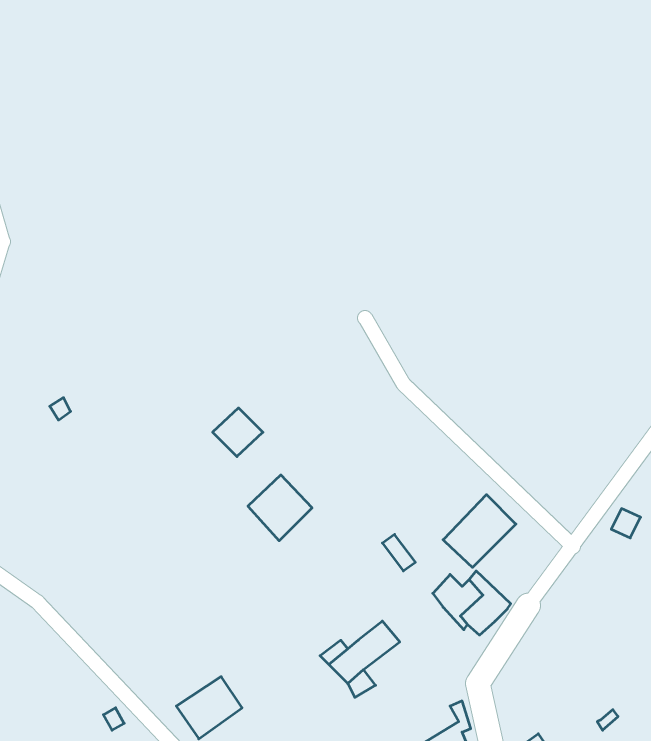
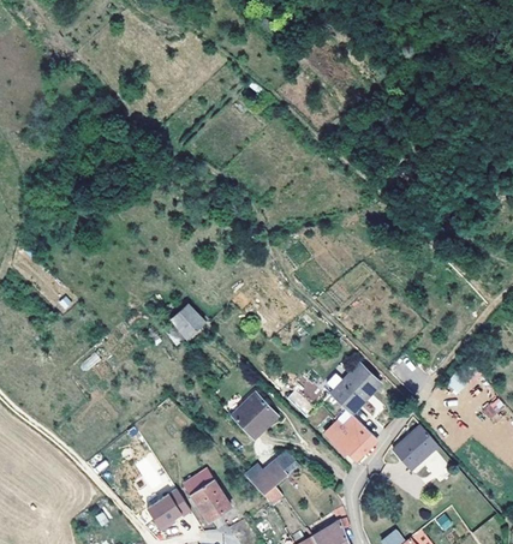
building: [248,475,312,541] -> [232,391,276,437]
building: none -> [392,425,437,468]
building: none -> [184,468,231,520]

